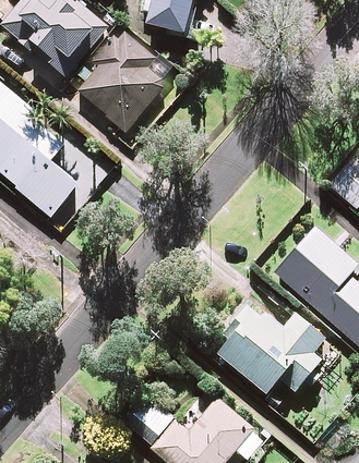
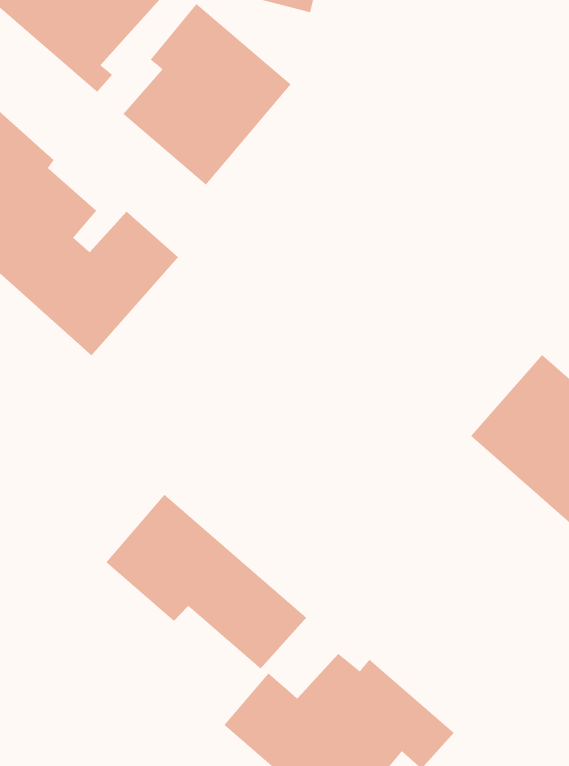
building: none -> [105,494,307,669]
building: [218,306,324,394] -> none

